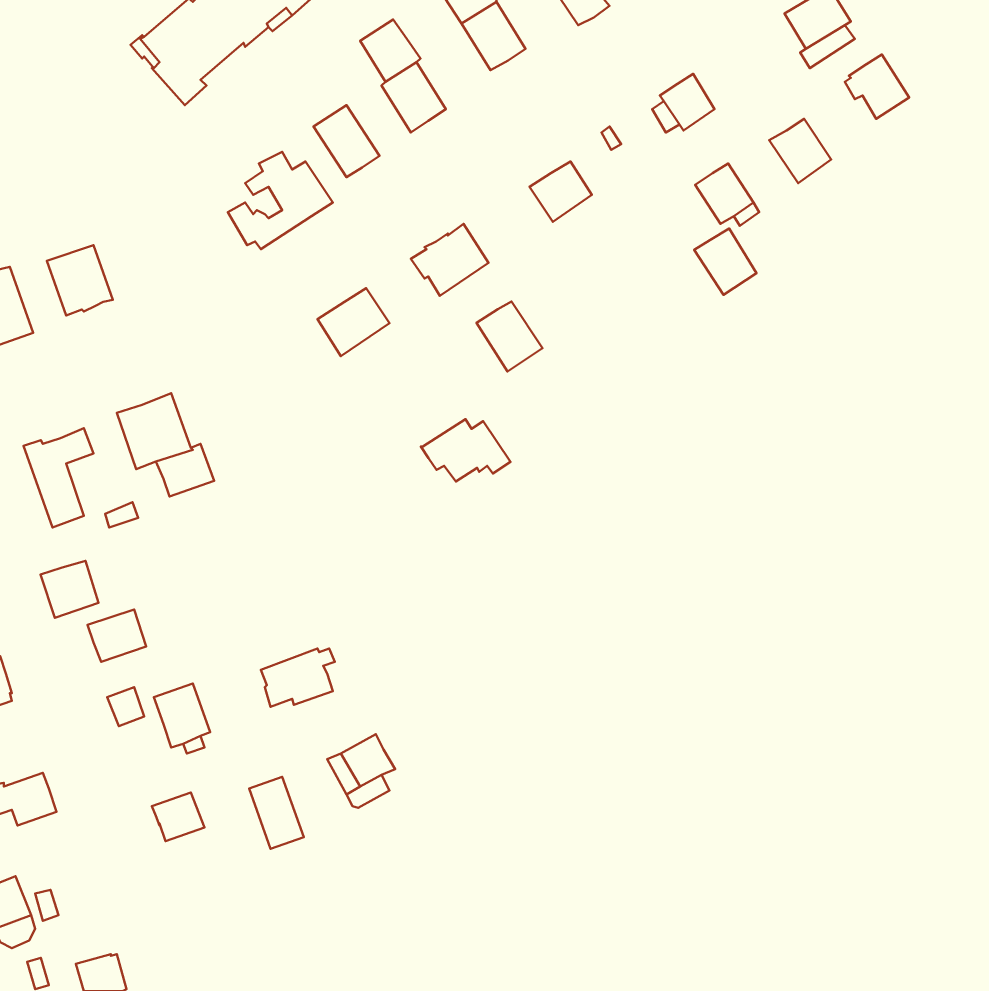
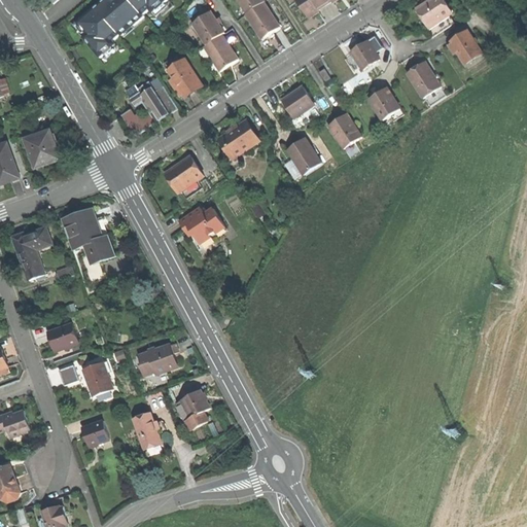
building: [694,229,756,295] -> [326,112,359,147]
building: [476,301,543,371] -> [284,137,319,174]
building: [421,419,510,481] -> [175,206,222,239]
building: [40,561,99,618] -> none

